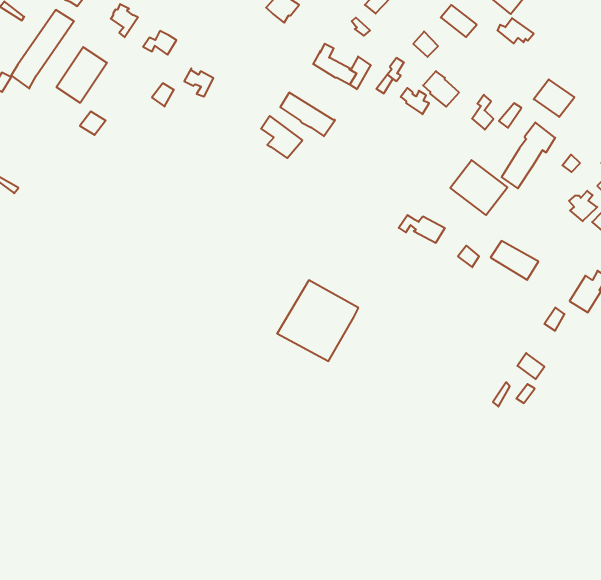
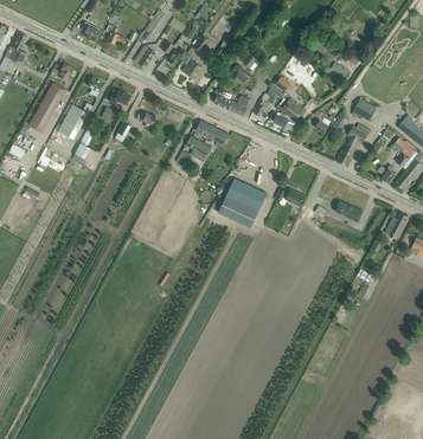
building: [450,160,507,215] -> none
building: [277,280,358,361] -> [218,179,267,227]

